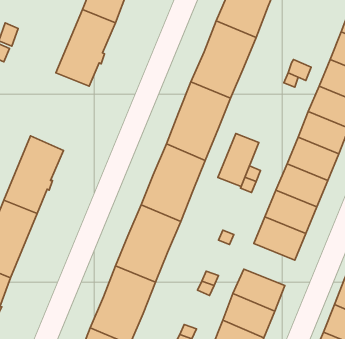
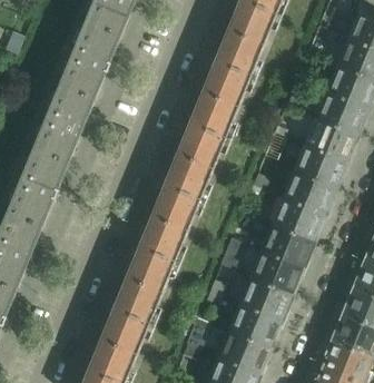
building: none -> [36,81,95,159]
building: [218,133,259,187] -> none
building: none -> [250,253,302,295]

